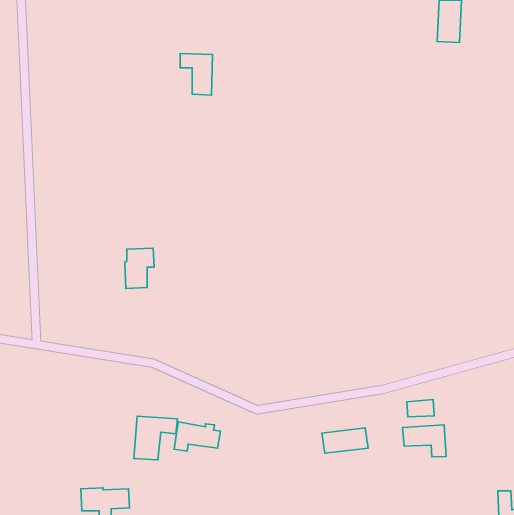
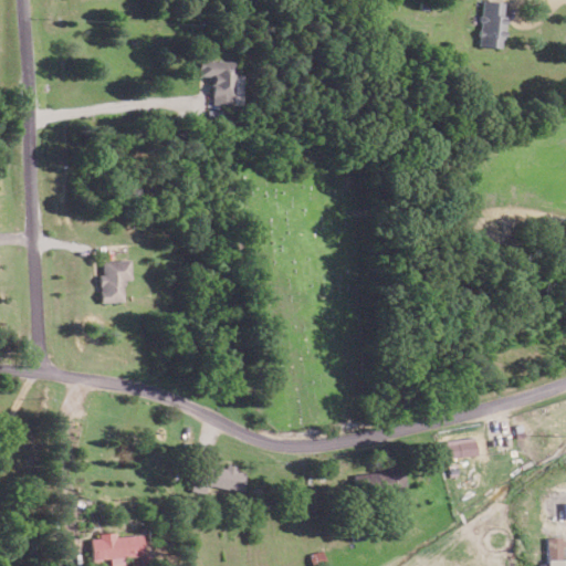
building: [125,248,154,288] -> [102,260,134,304]
building: [134,416,177,460] -> none
building: [403,425,446,457] -> none

